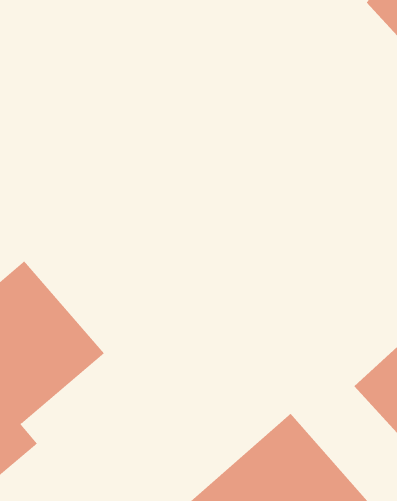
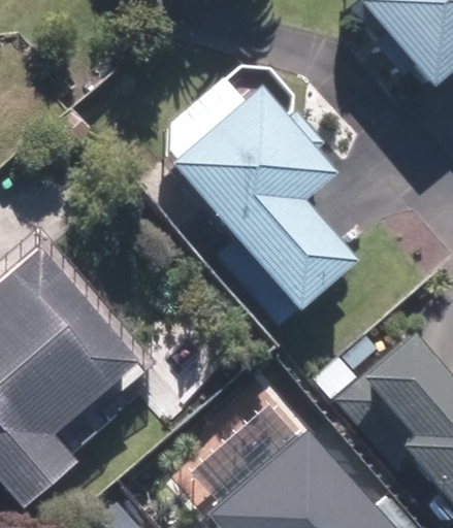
building: none -> [186,104,339,297]

